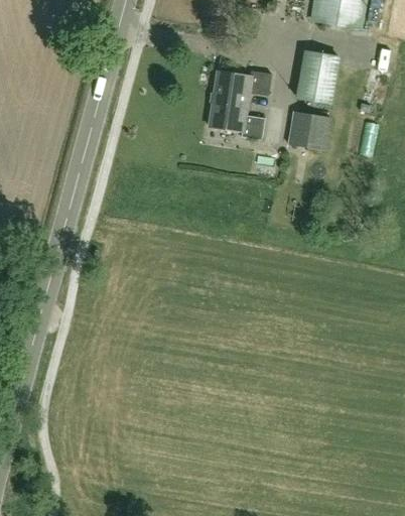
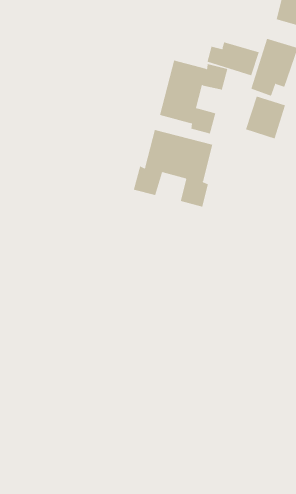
building: none -> [207,42,259,76]
building: none -> [133,129,213,207]

